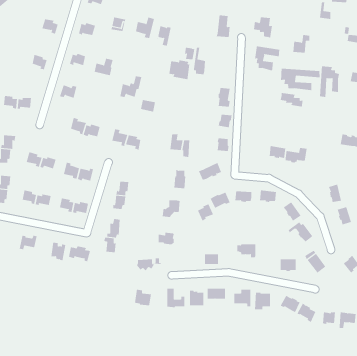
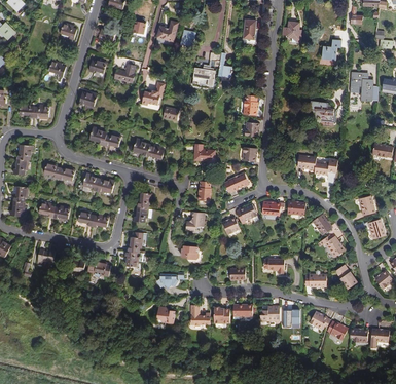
building: [255,45,280,71] -> none
building: [281,68,320,91] -> none

